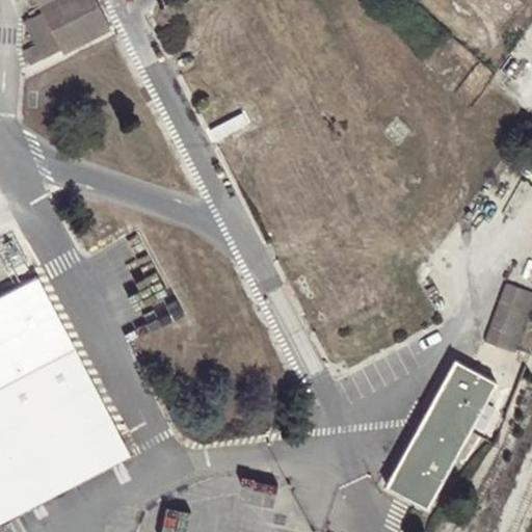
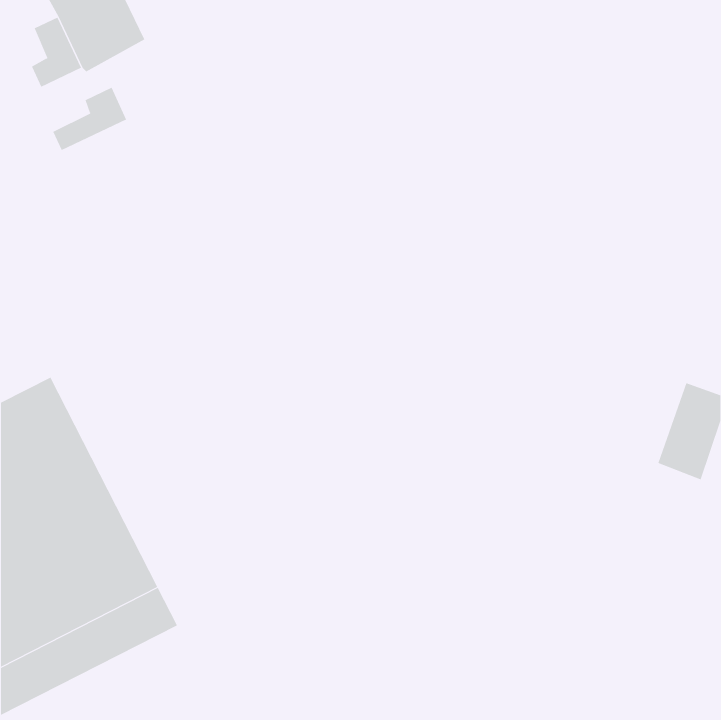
building: none -> [53,87,127,151]
building: [388,356,497,506] -> none

